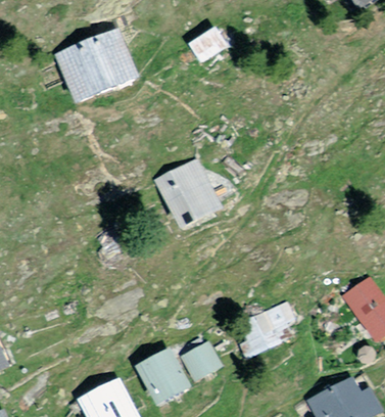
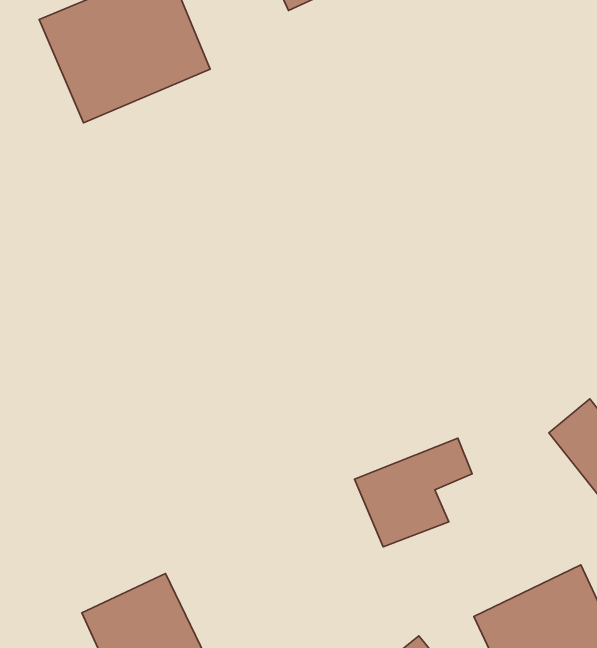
building: [155,152,233,233] -> none
building: [186,336,225,376] -> none
building: [132,348,189,409] -> none

